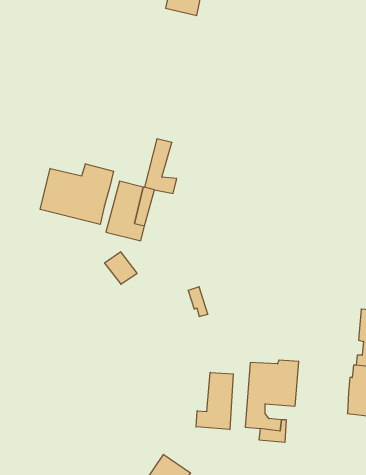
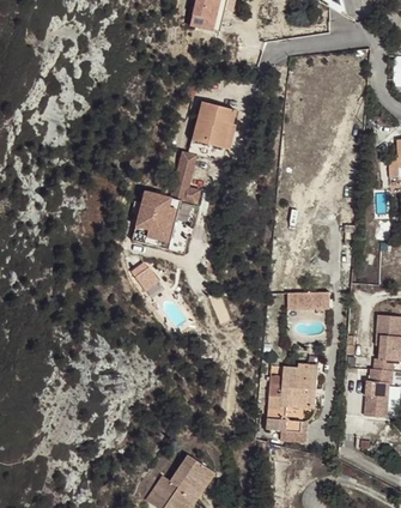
building: none -> [170,101,237,161]
building: [40,164,114,224] -> none
building: none -> [287,291,329,308]
building: [196,372,233,430] -> none

